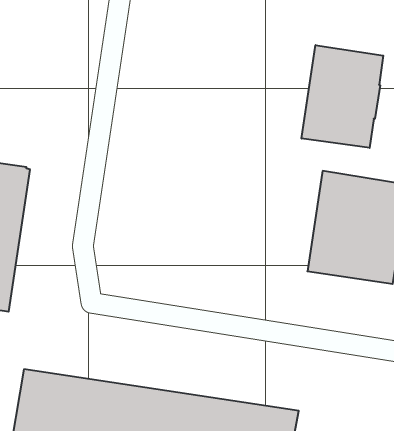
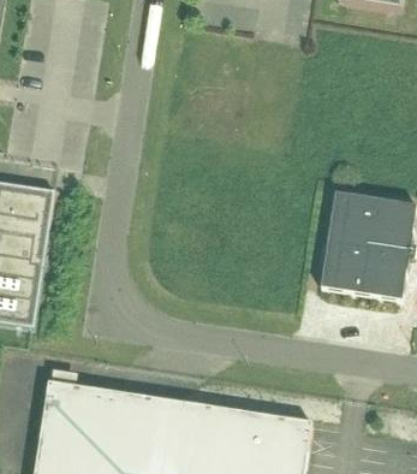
building: [302,45,383,148] -> none

